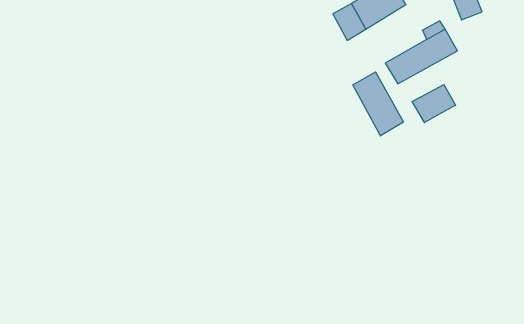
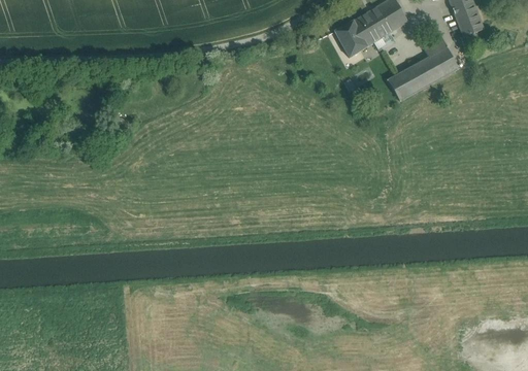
building: [353,72,403,136] -> none
building: [412,85,456,123] -> none

